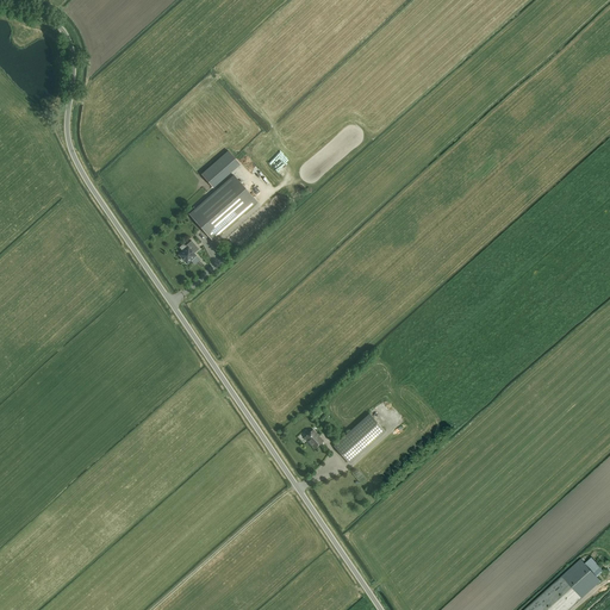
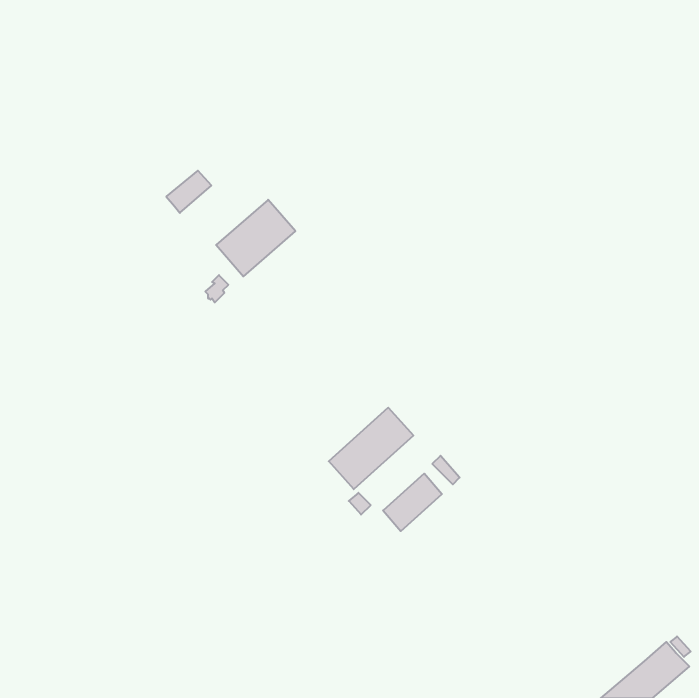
building: [201,150,241,187] -> [166,171,211,213]
building: none -> [329,408,413,489]

